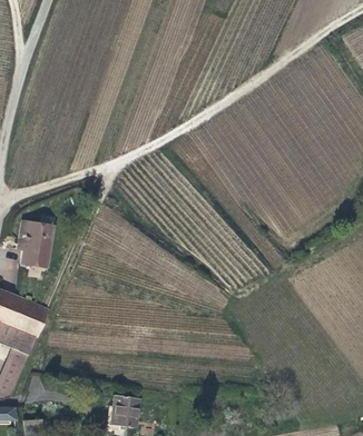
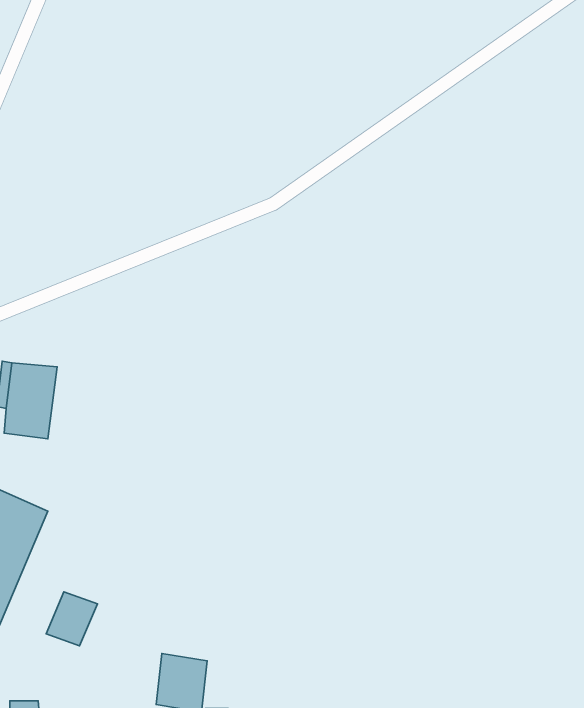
building: none -> [46,592,98,646]

